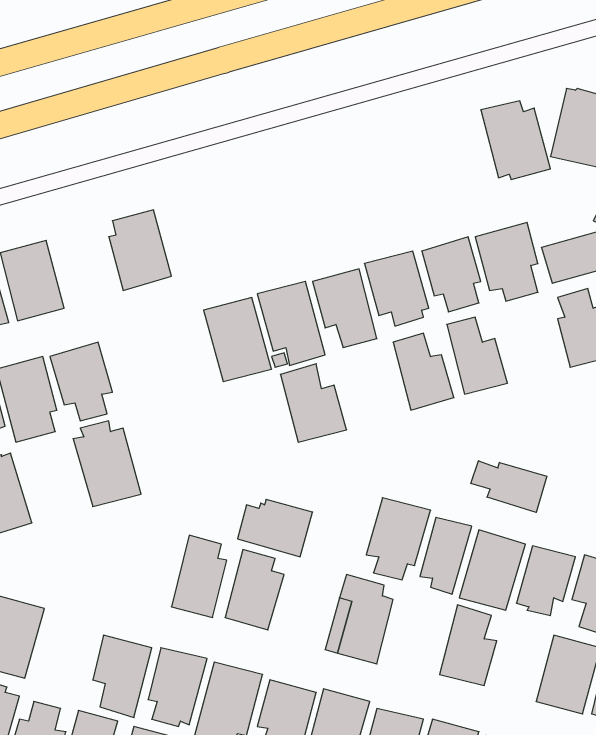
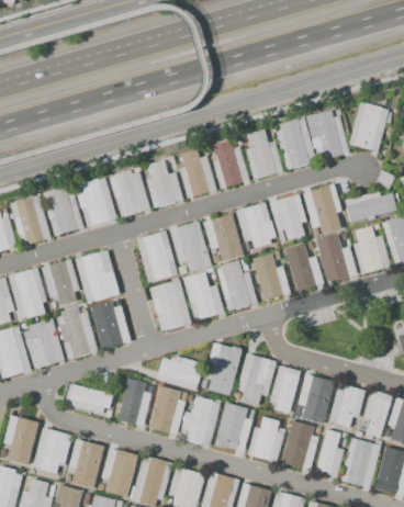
building: none -> [274,117,315,170]
building: none -> [246,129,281,180]
building: none -> [212,142,247,188]
building: none -> [179,148,215,196]
building: none -> [146,160,182,207]
building: none -> [109,170,148,217]
building: none -> [42,188,83,236]
building: none -> [316,235,357,282]
building: none -> [75,250,119,303]
building: none -> [216,262,257,311]
building: none -> [150,281,191,331]
building: none -> [90,300,131,350]
building: none -> [24,319,64,369]
building: [471,461,547,512] -> none
building: none -> [204,345,242,395]
building: none -> [65,384,113,414]
building: none -> [181,396,221,448]
building: none -> [247,417,283,462]
building: none -> [33,429,71,473]
building: none -> [315,430,344,477]

